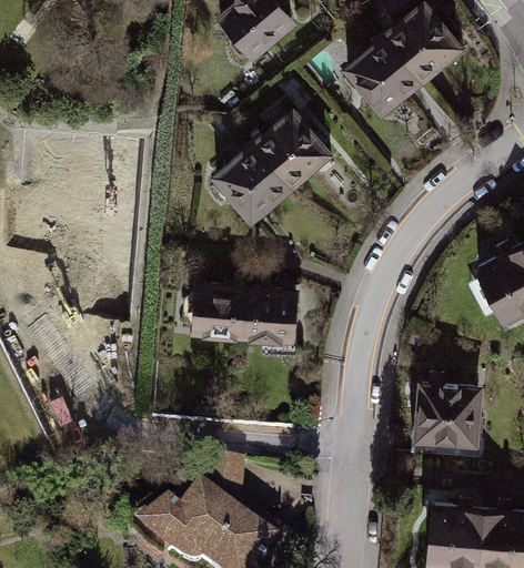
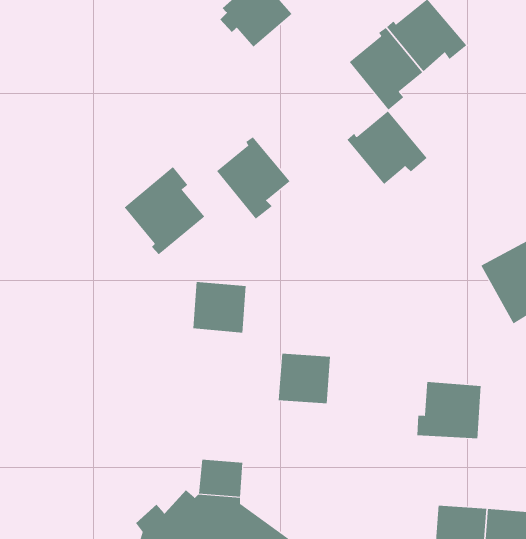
building: [252,114,332,187] -> [347,110,428,185]
building: none -> [124,166,205,255]
building: [242,291,294,341] -> [278,353,331,404]

